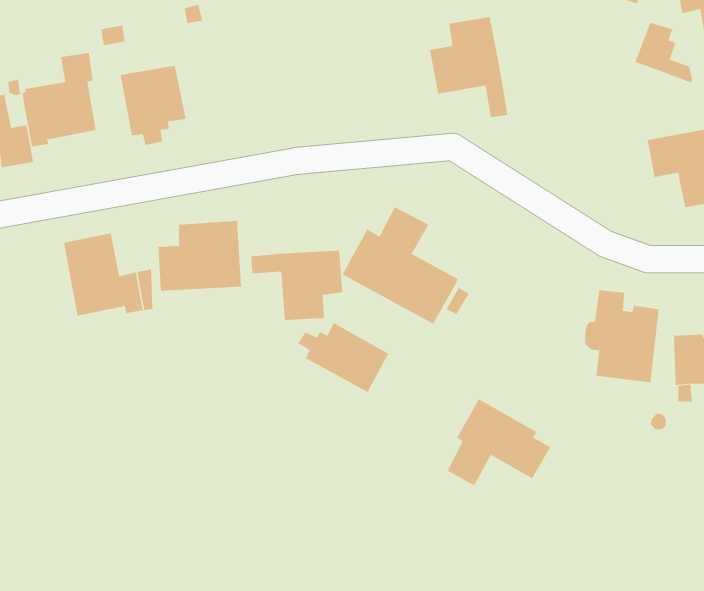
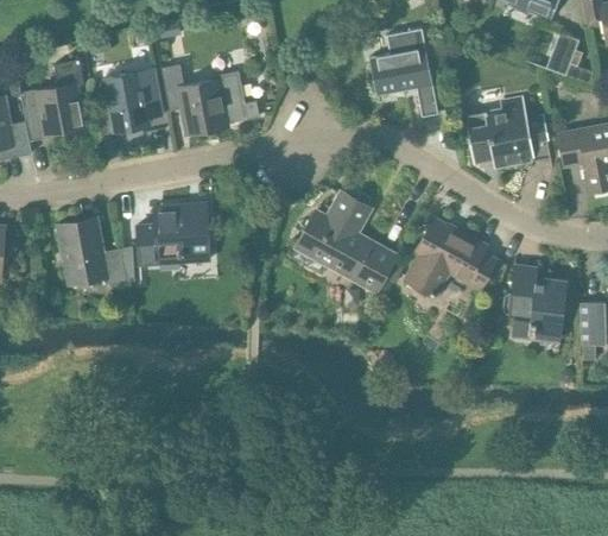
building: none -> [162,63,259,127]
building: none -> [466,95,550,168]
building: [250,250,343,321] -> none
building: [298,322,389,393] -> none
building: [447,399,551,486] -> [405,219,494,294]

